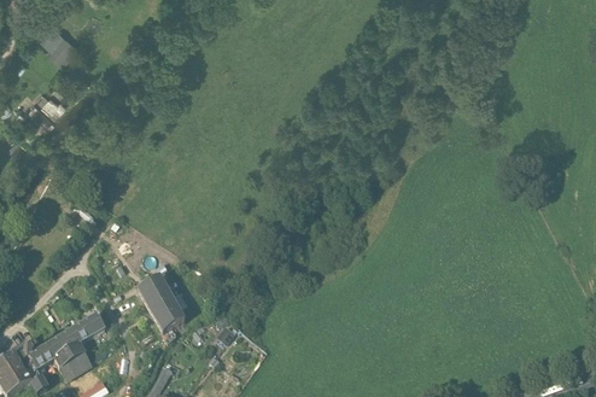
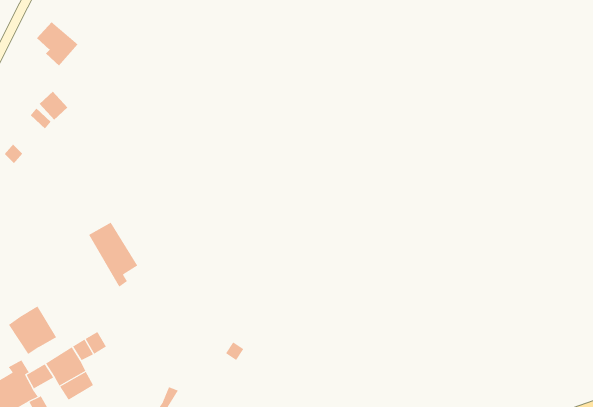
building: [138,278,185,339] -> [88,222,138,287]
building: none -> [8,306,57,355]

